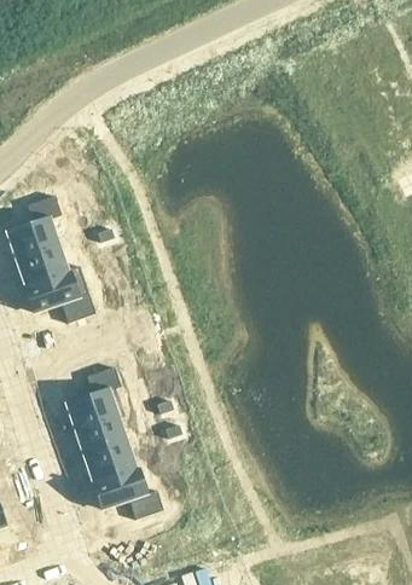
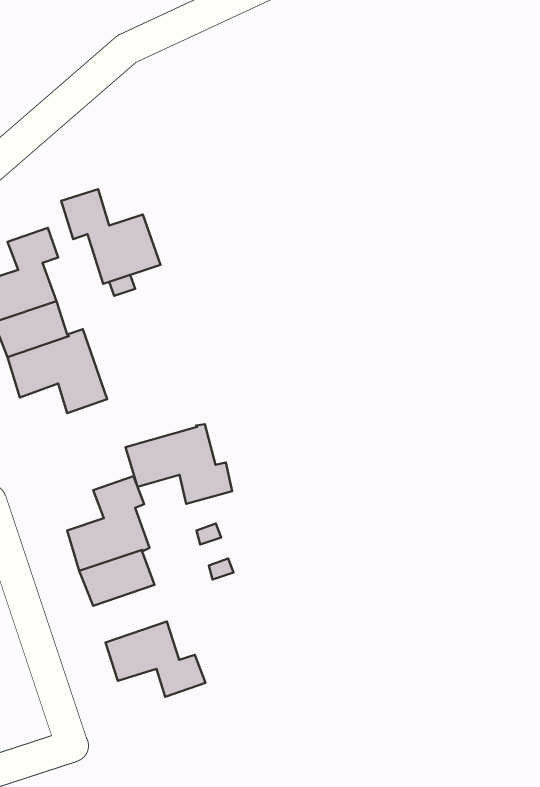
building: none -> [61,189,161,284]
building: none -> [125,424,232,504]
building: [85,440,135,480] -> none

